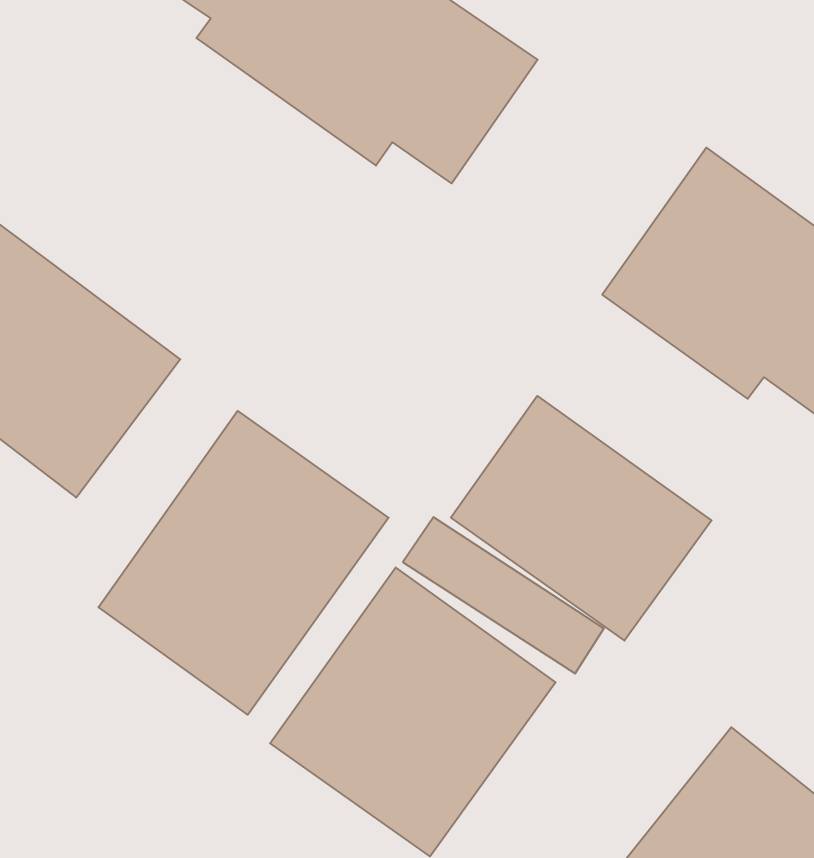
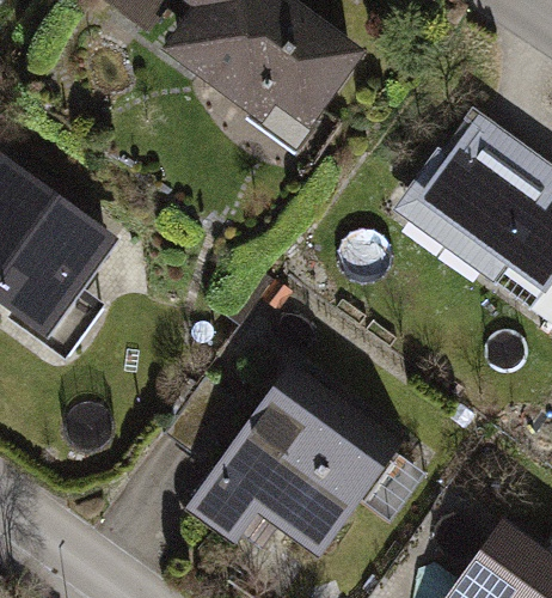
building: [451,396,712,641] -> none
building: [98,411,389,715] -> none

